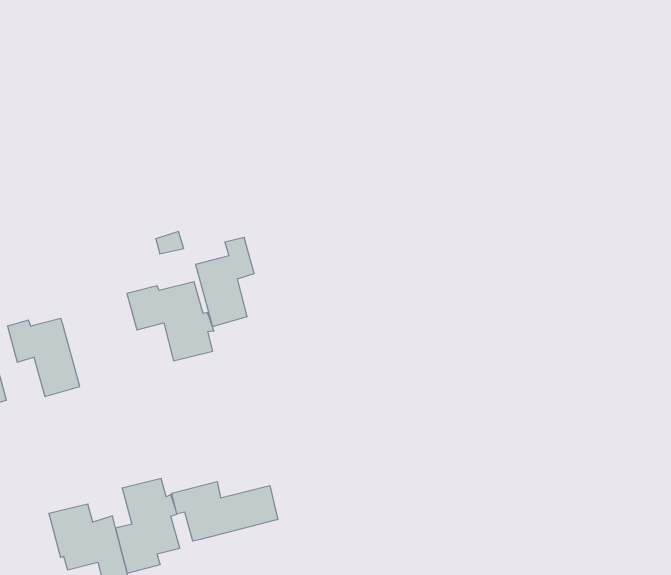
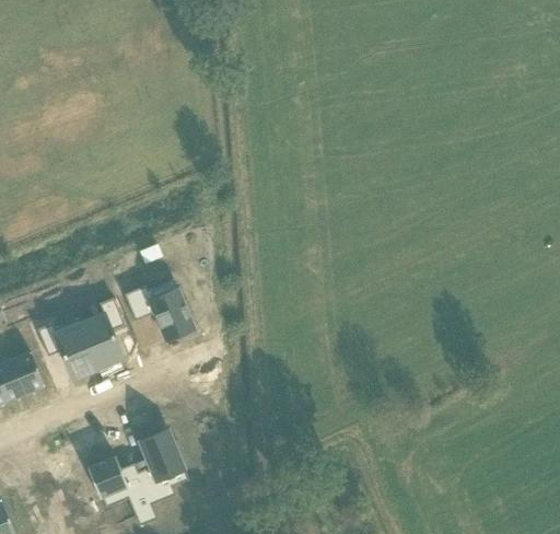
building: [196,237,254,326] -> [79,298,124,368]
building: [172,482,278,541] -> none

